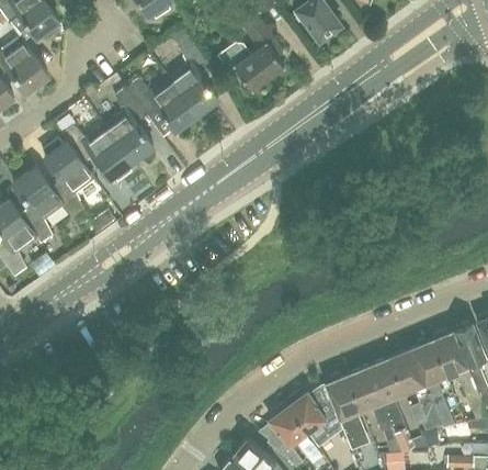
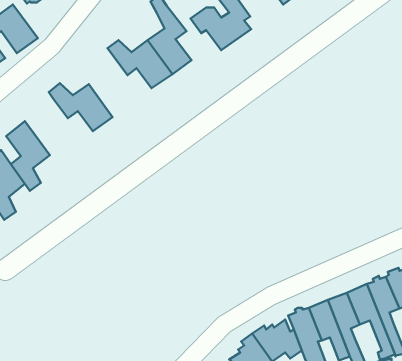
building: [105,90,154,166] -> none
building: [43,143,92,221] -> none

